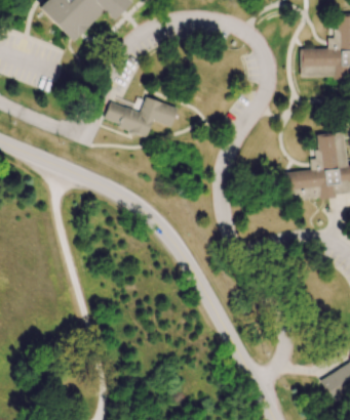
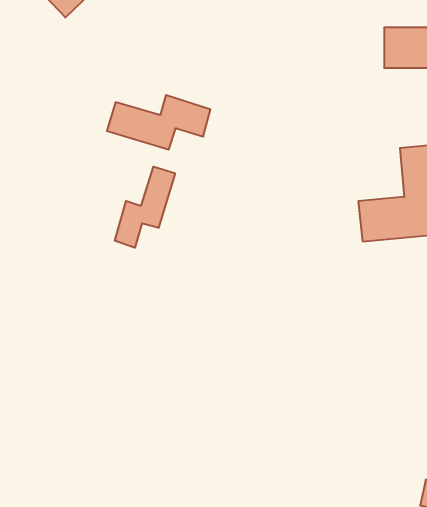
building: none -> [115,167,175,248]

